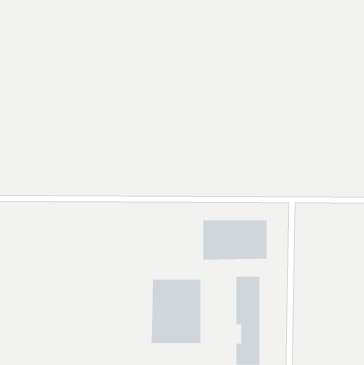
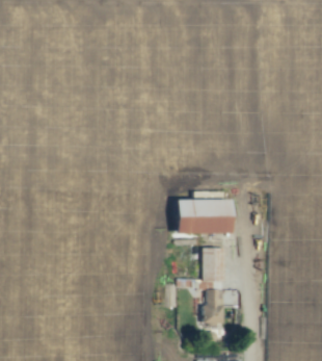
building: [151,279,201,344] -> none

